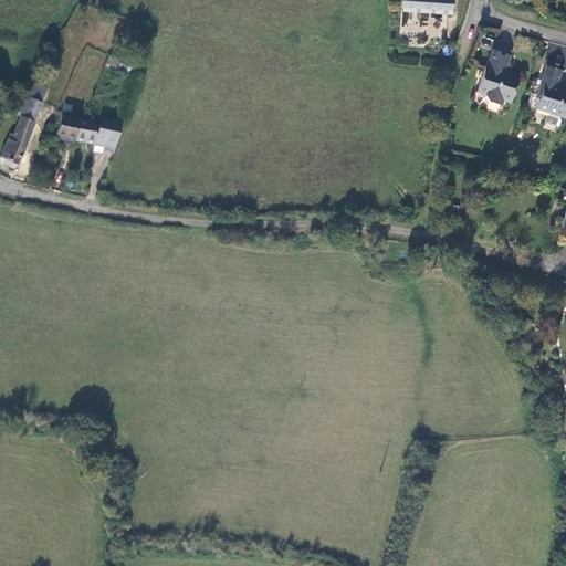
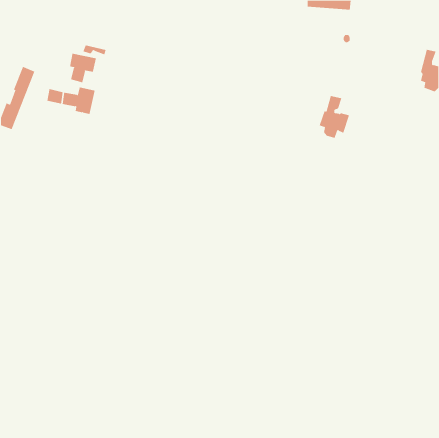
building: [481,52,521,107] -> [319,96,350,139]
building: none -> [69,53,96,83]

